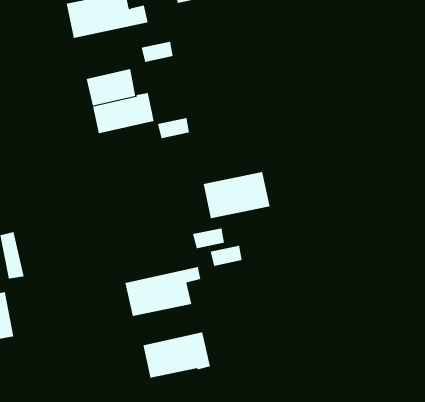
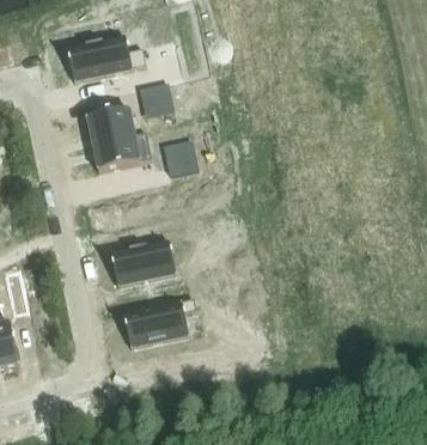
building: [203,171,270,219] -> [110,239,175,285]
building: [143,332,211,379] -> none

